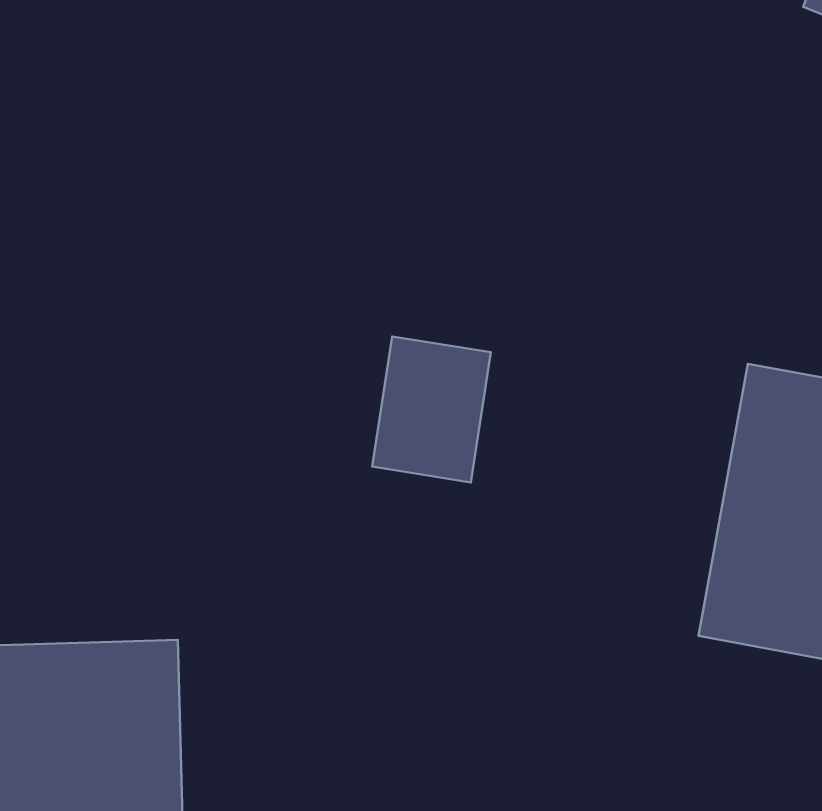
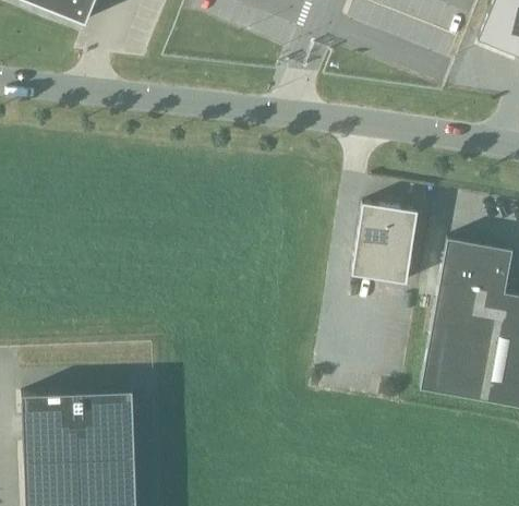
building: [372,336,491,482] -> [352,203,418,284]

